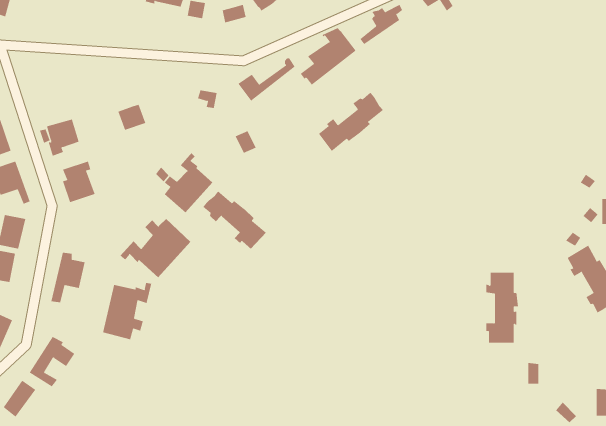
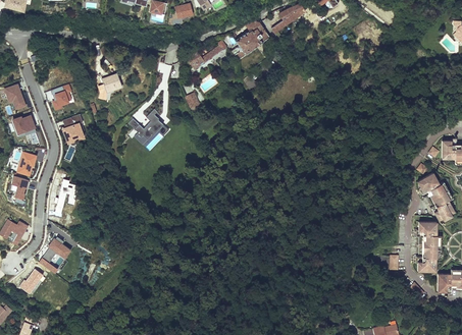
building: [318,92,384,152] -> none
building: [202,190,267,250] -> none
building: [119,218,191,278] -> none
building: [485,272,519,343] -> [416,222,440,272]
building: [102,282,152,340] -> none

